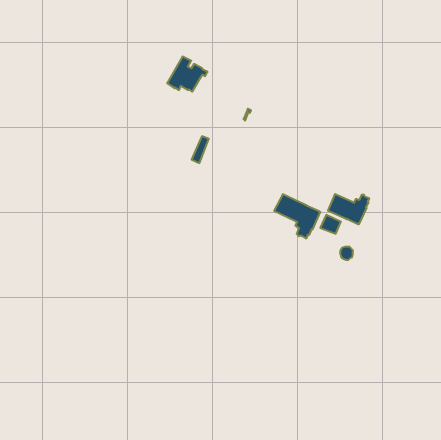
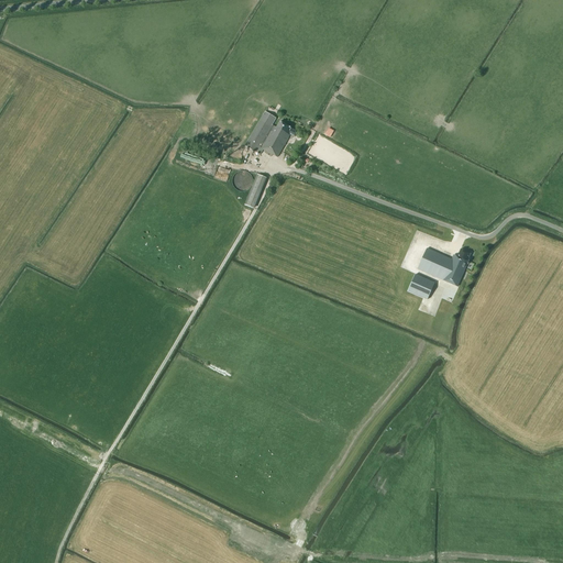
building: [167,56,208,92] -> [245,111,297,156]
building: [274,194,320,239] -> none

